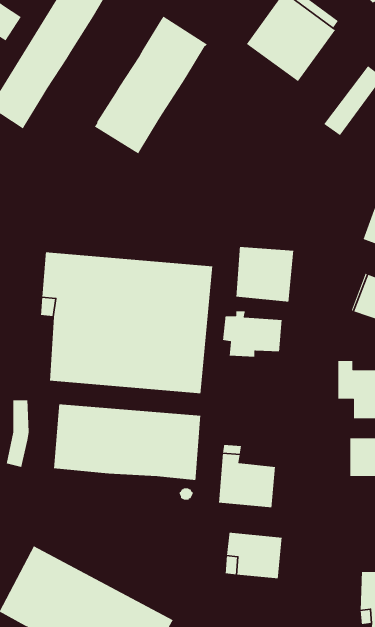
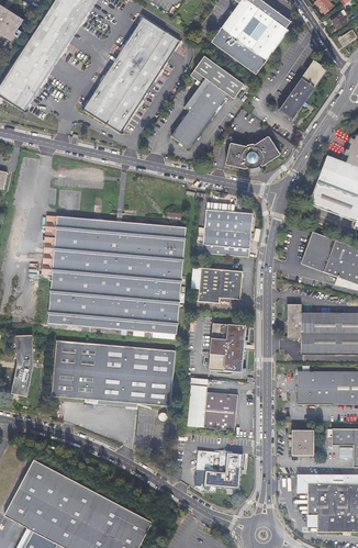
building: none -> [172,54,245,146]
building: none -> [226,134,280,167]
building: none -> [208,323,244,372]
building: none -> [293,430,315,456]

